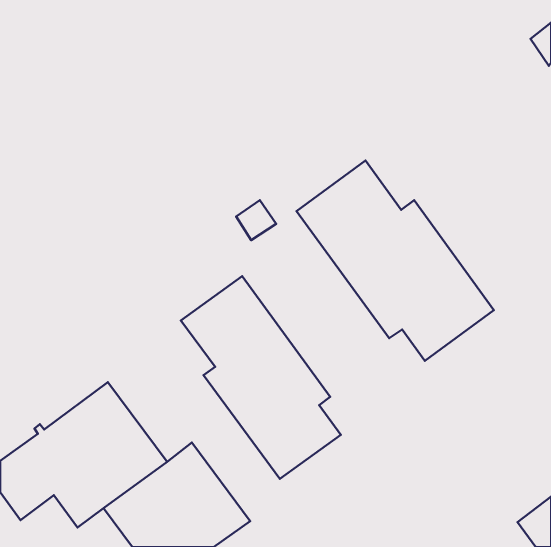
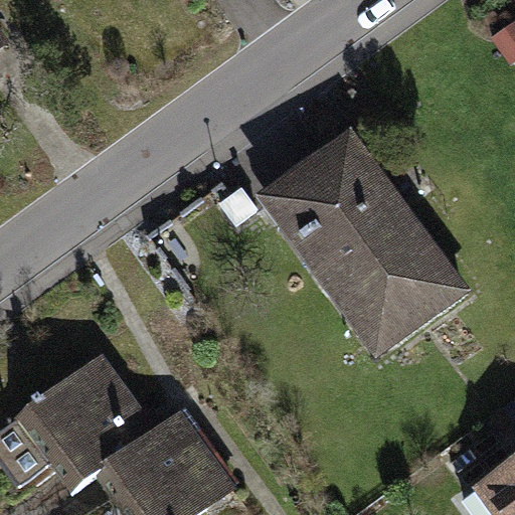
building: [181,276,341,479] -> none

